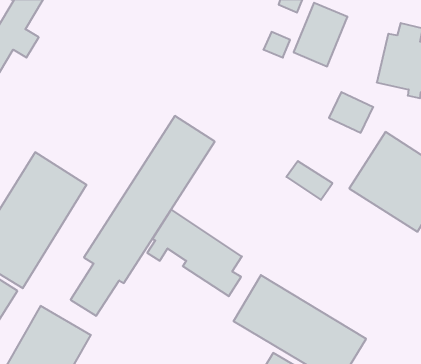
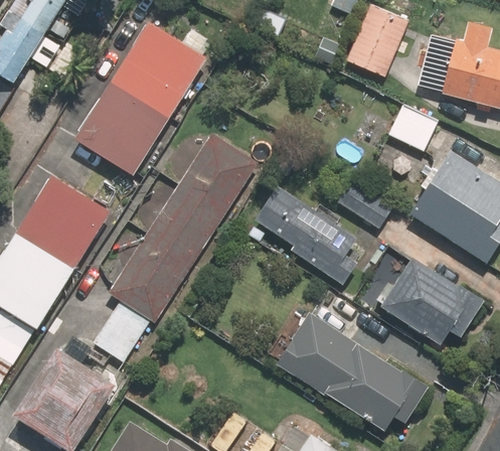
building: none -> [74,21,205,175]
building: [147,210,242,296] -> [248,186,356,285]
building: none -> [372,253,483,346]

